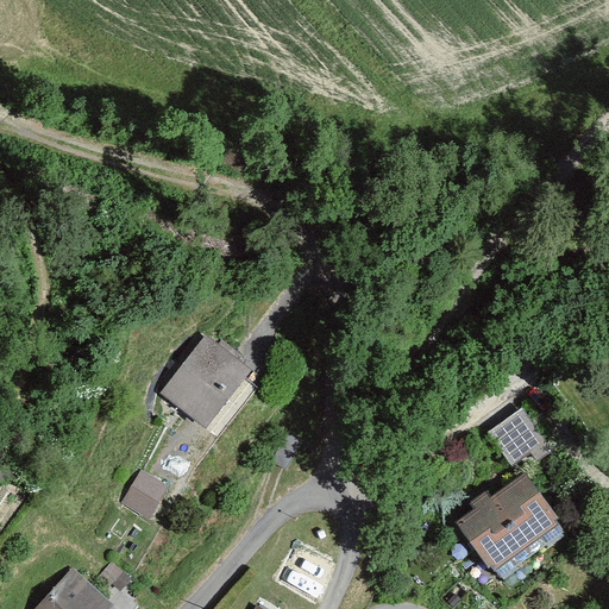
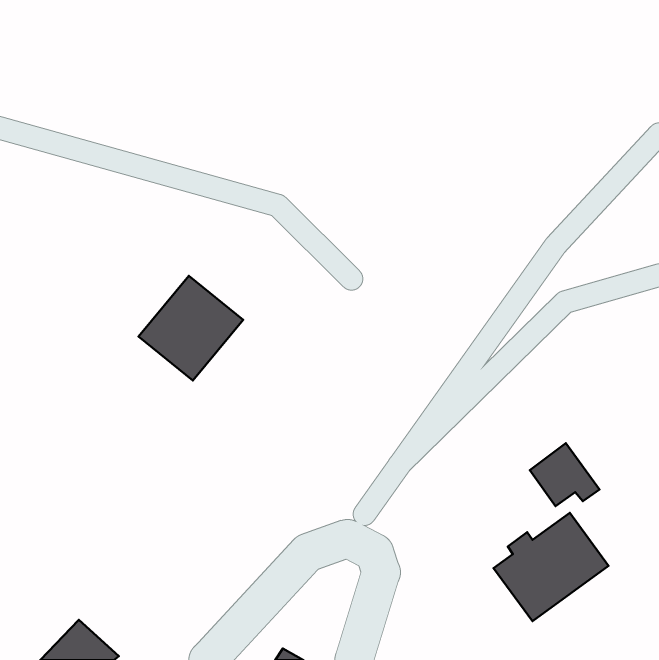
building: [158,340,255,437] -> [138,276,243,381]
building: [124,467,169,514] -> none

